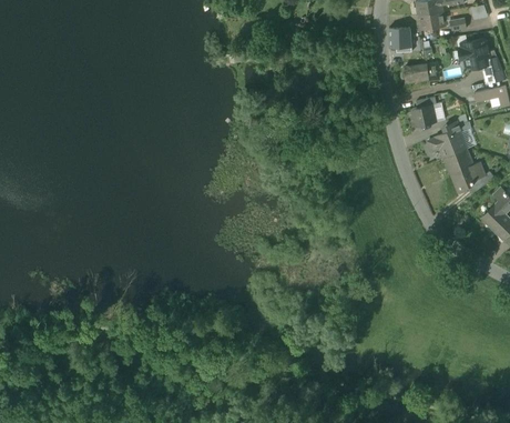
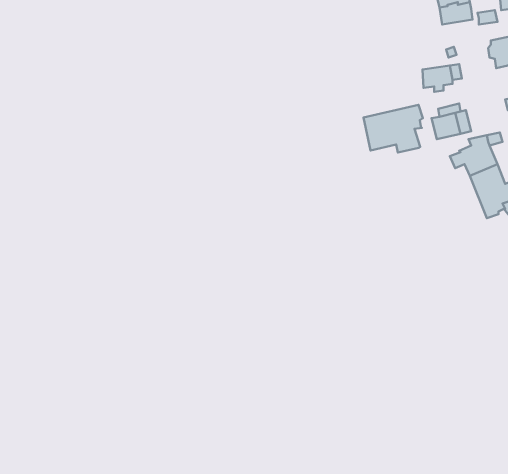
building: [387,28,410,52] -> none
building: none -> [363,105,423,152]

